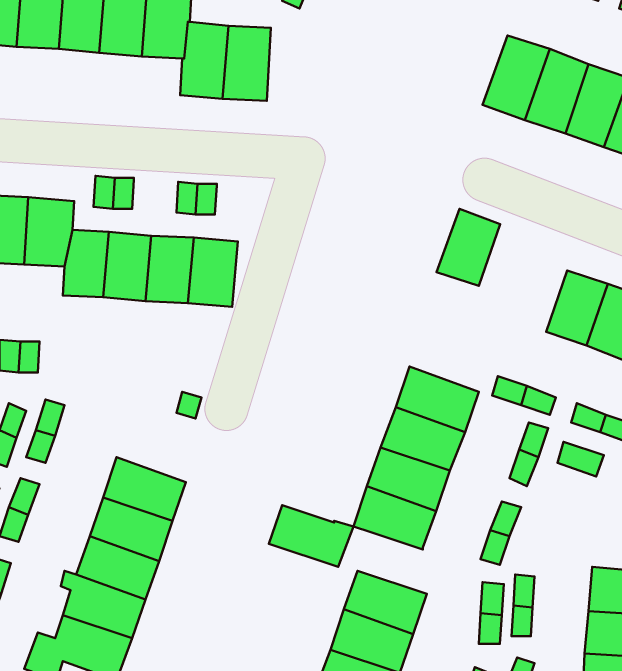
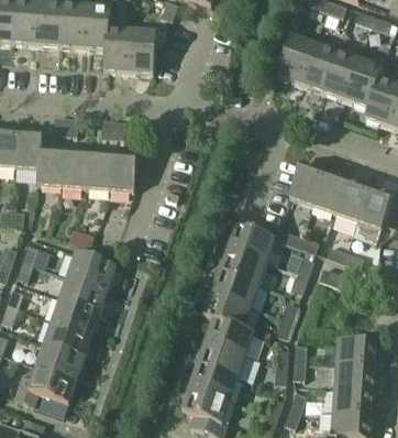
building: [437,209,500,286] -> [289,162,325,206]
building: none -> [68,254,117,292]
building: [269,505,354,567] -> [206,320,254,355]

